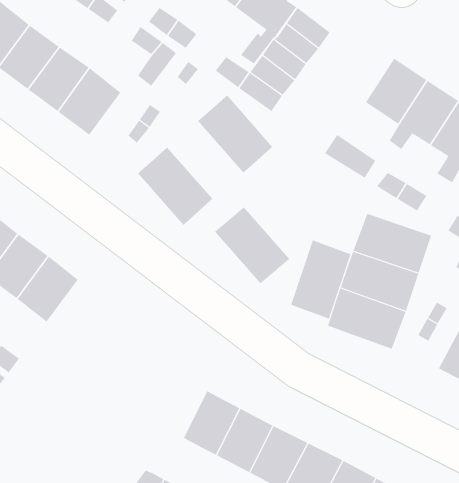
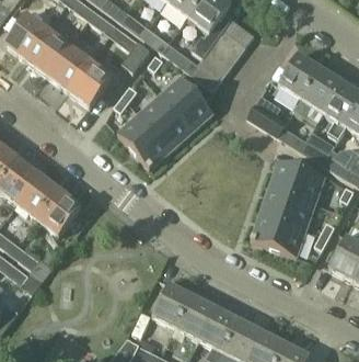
building: [214,206,290,284] -> [141,95,194,149]
building: [291,239,351,319] -> none

